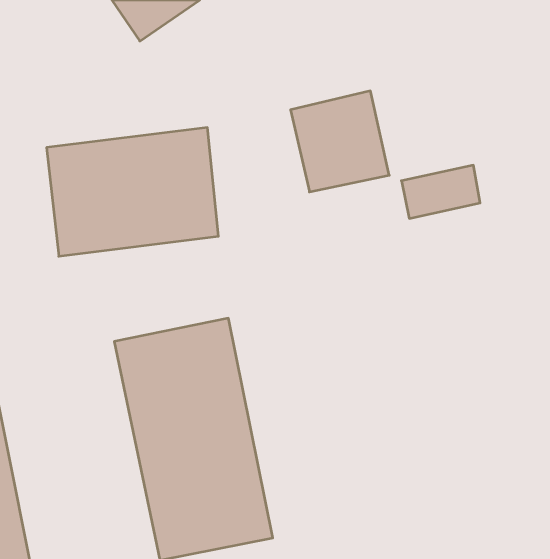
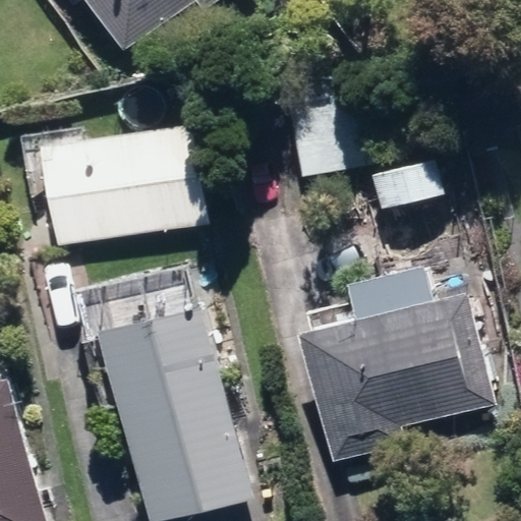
building: none -> [308,296,484,455]

